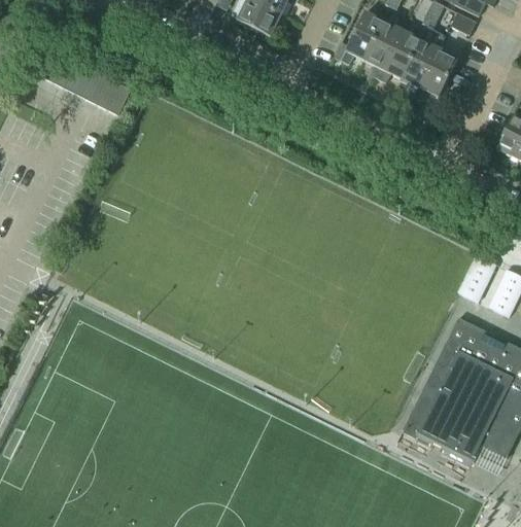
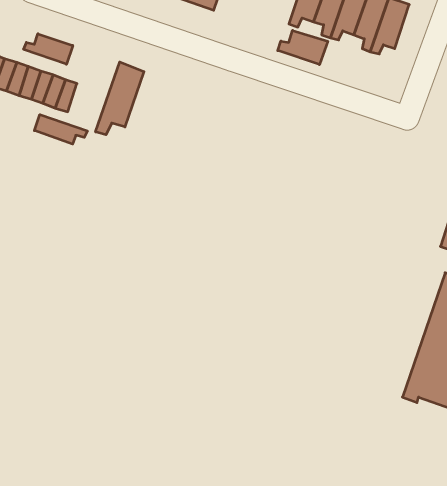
building: none -> [24,34,73,64]
building: none -> [278,30,328,65]
building: none -> [96,62,144,135]
building: none -> [34,115,87,144]

